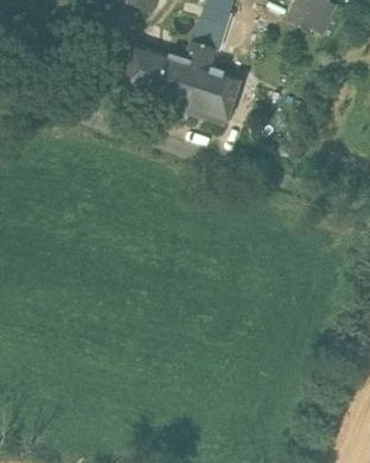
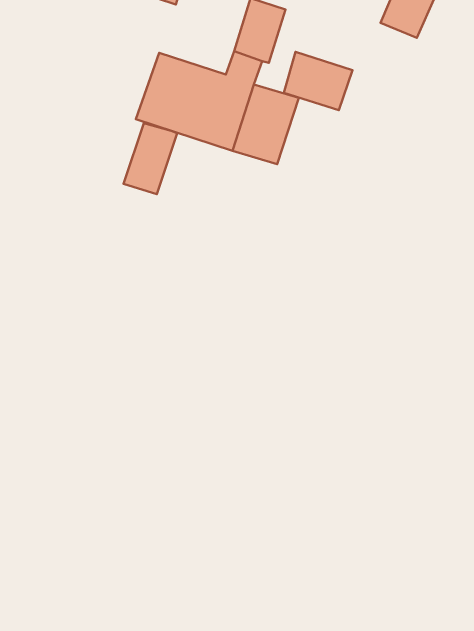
building: none -> [284,52,353,110]
building: none -> [123,123,177,194]

